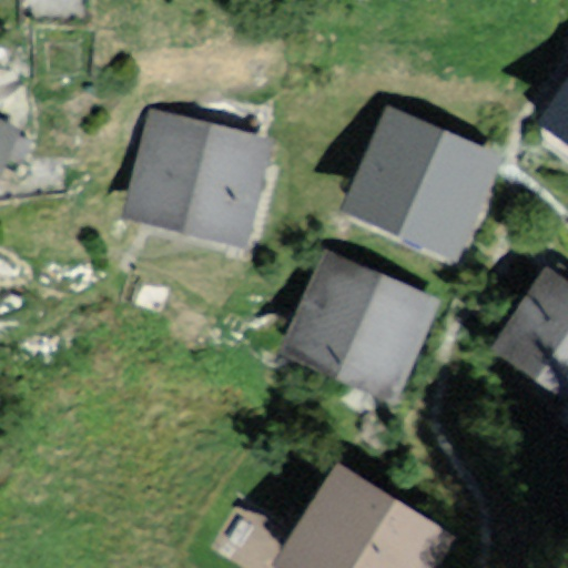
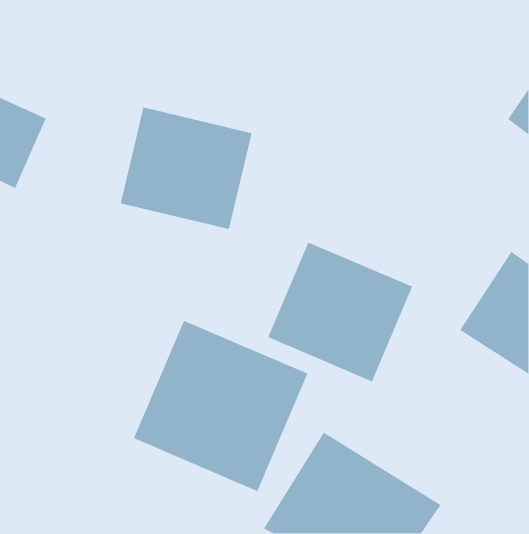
building: [332,99,501,265] -> none
building: none -> [133,320,309,492]

